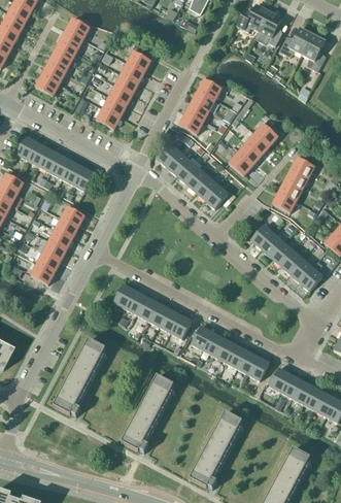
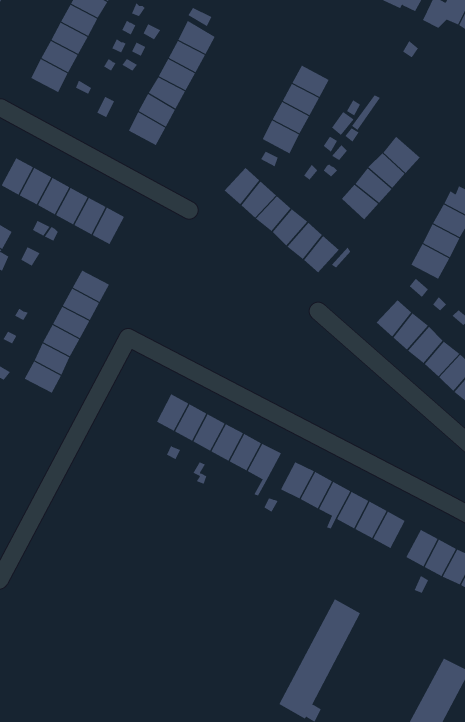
building: [54,339,105,415] -> none
building: [122,375,173,451] -> none

